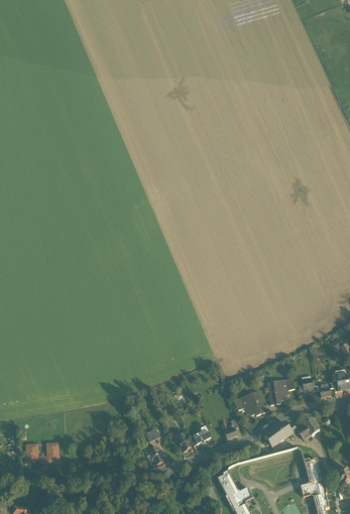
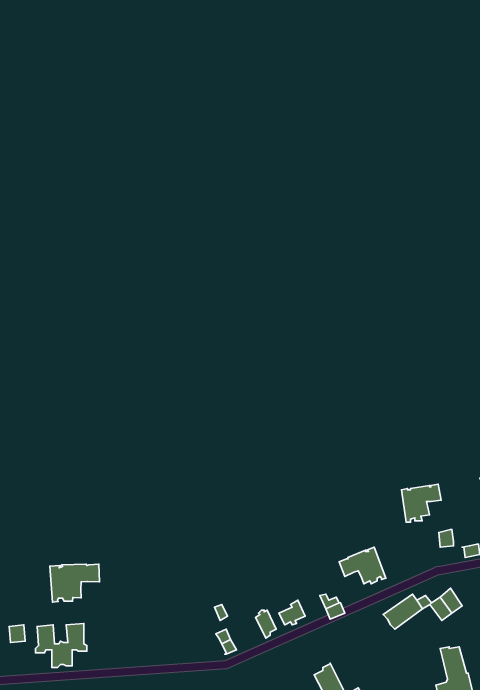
building: [267,378,295,404] -> [402,484,441,522]
building: none -> [50,564,100,602]

